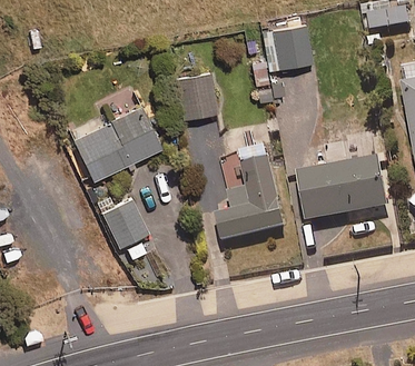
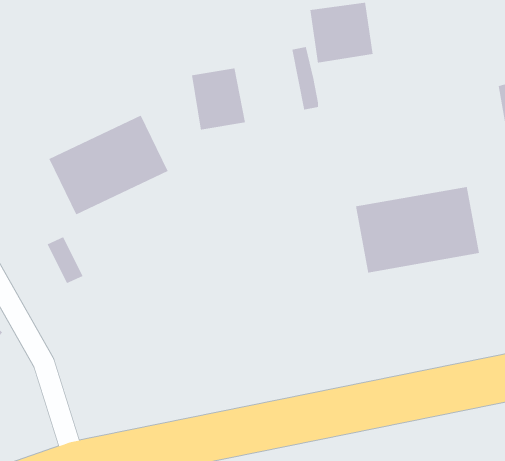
building: [215,148,285,244] -> none
building: [101,199,147,248] -> none

